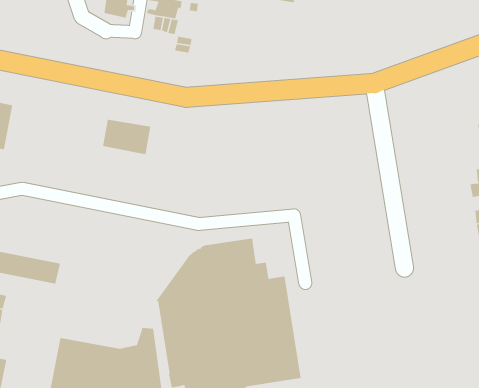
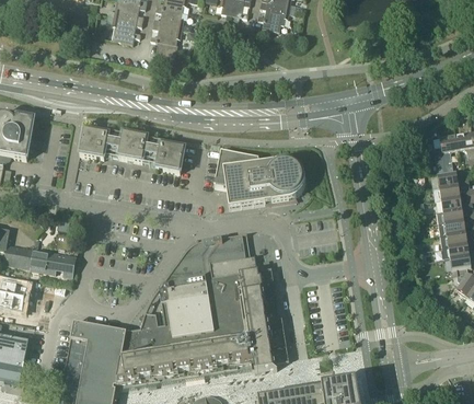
building: none -> [80,127,116,159]
building: none -> [150,138,185,173]
building: none -> [215,150,305,208]

